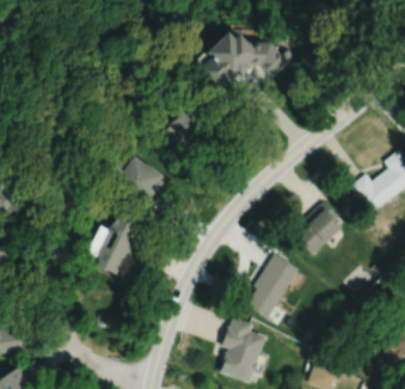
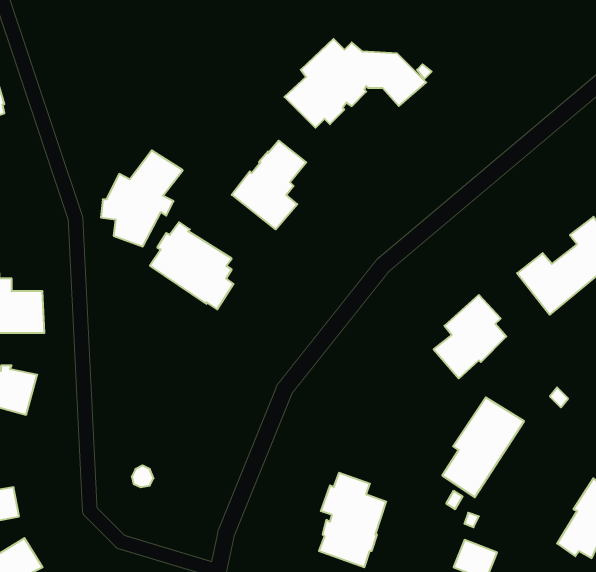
building: [86,215,140,278] -> [101,150,183,247]
building: [245,255,299,321] -> [442,397,524,497]

